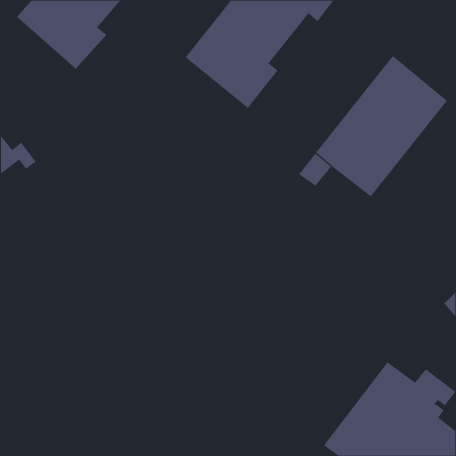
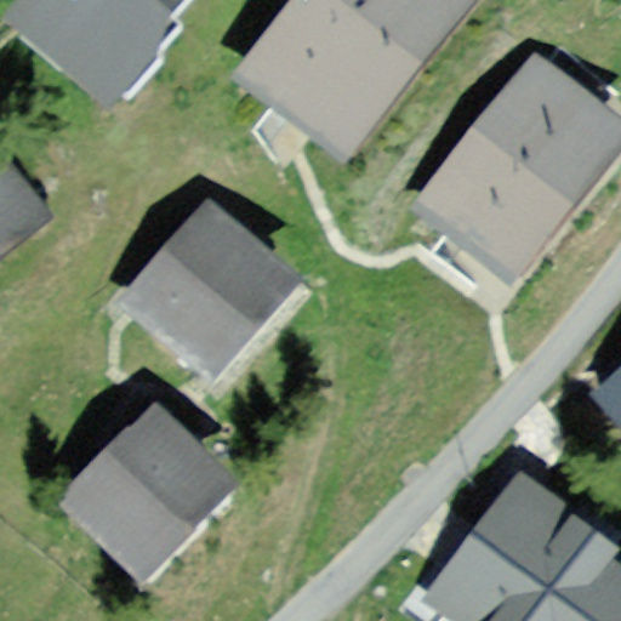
building: none -> [142,222,275,364]
building: none -> [72,432,213,563]

